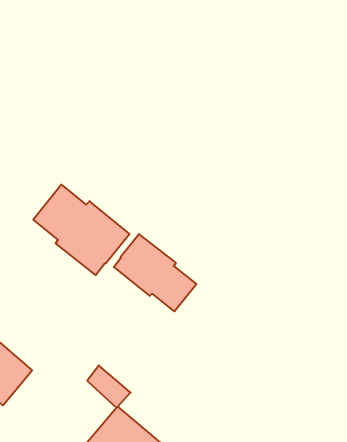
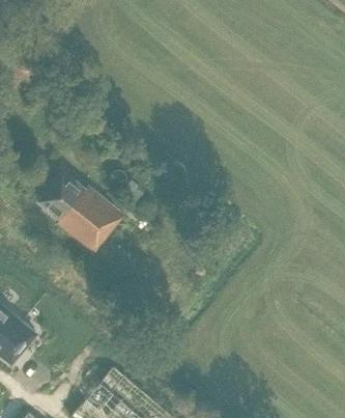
building: [114,234,196,311] -> none

